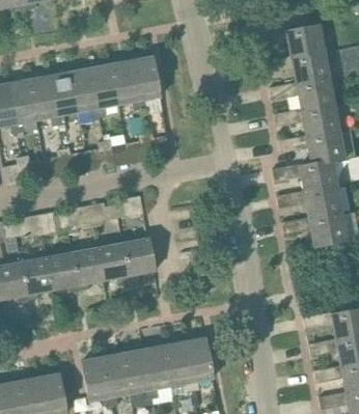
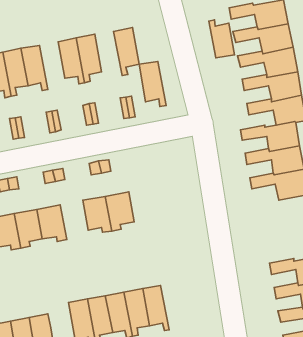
building: none -> [209,20,234,58]
building: [112,59,142,109] -> [139,61,166,106]
building: [51,71,79,123] -> none
building: [74,246,105,289] -> none
building: [185,336,214,389] -> none

